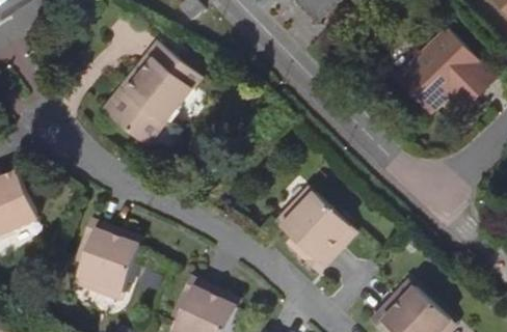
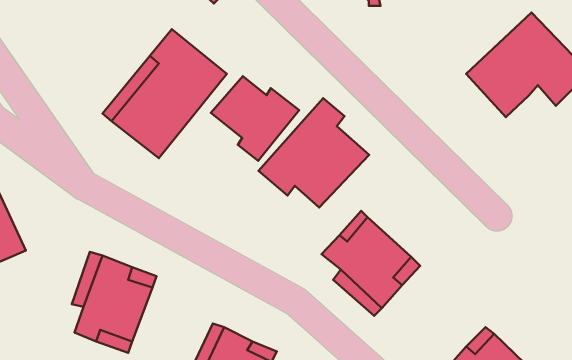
building: none -> [211,76,299,161]
building: none -> [258,98,369,208]

